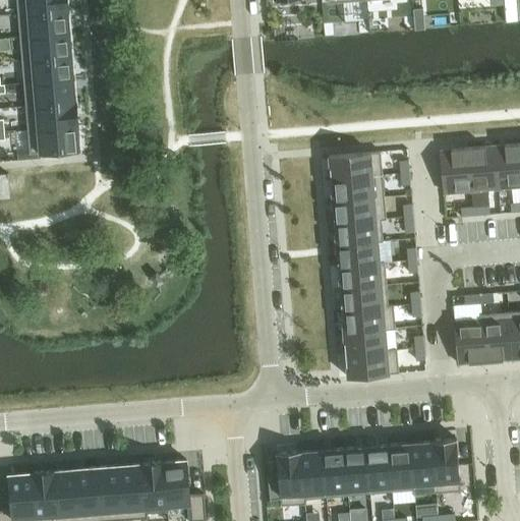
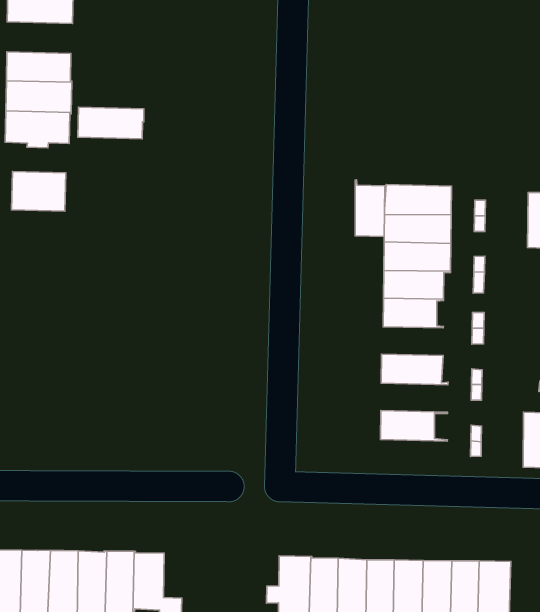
building: [21,57,73,84] -> [78,107,144,139]
building: none -> [355,180,385,236]
building: none -> [12,171,66,211]
building: [338,264,387,289] -> none
building: [341,307,395,333] -> none
building: [345,351,399,378] -> none

